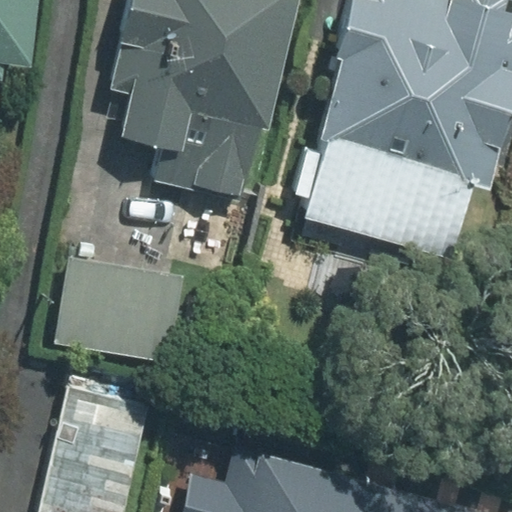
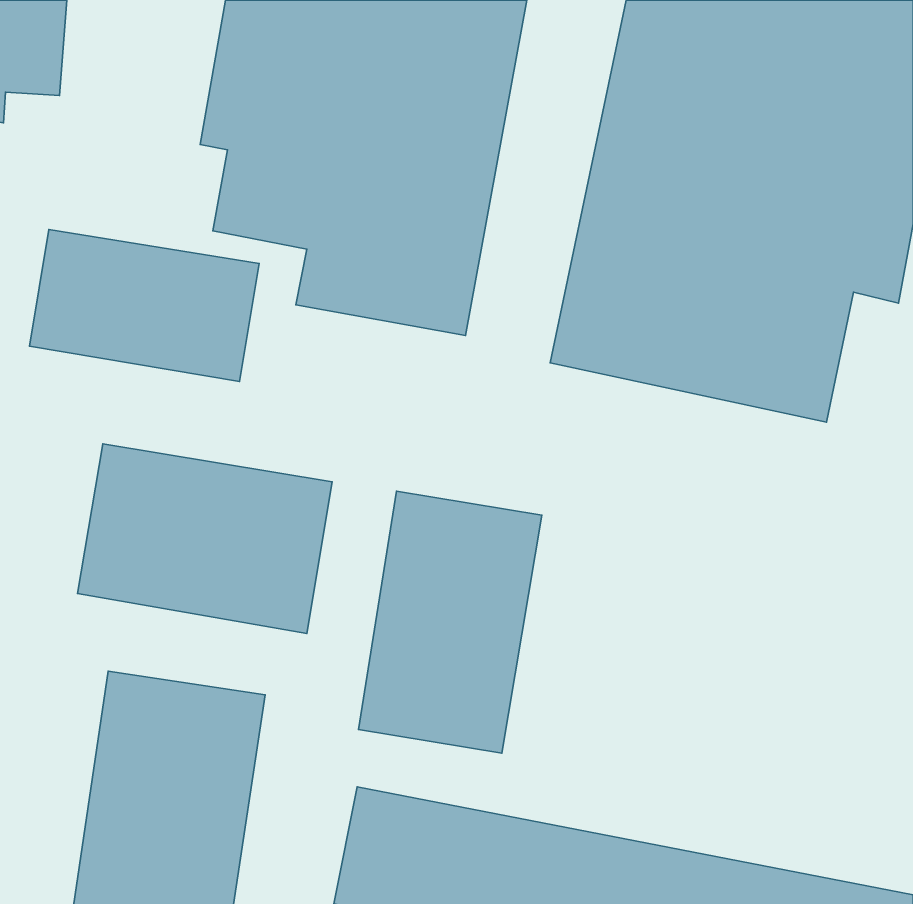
building: none -> [30,229,259,381]
building: none -> [358,491,542,753]

